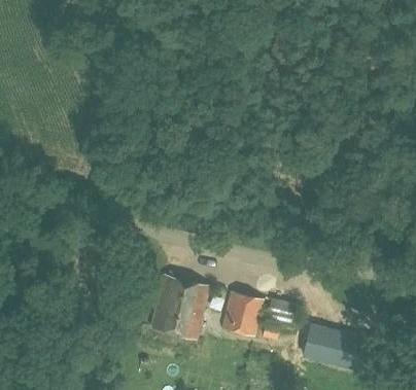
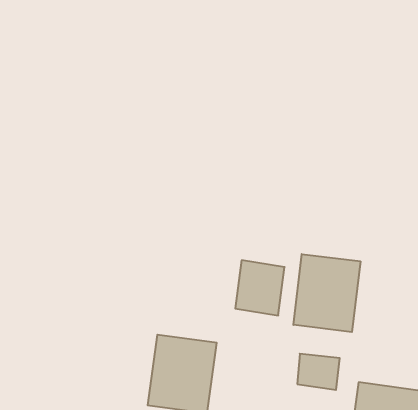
building: none -> [293,254,360,332]
building: [221,292,262,336] -> [235,260,285,315]

